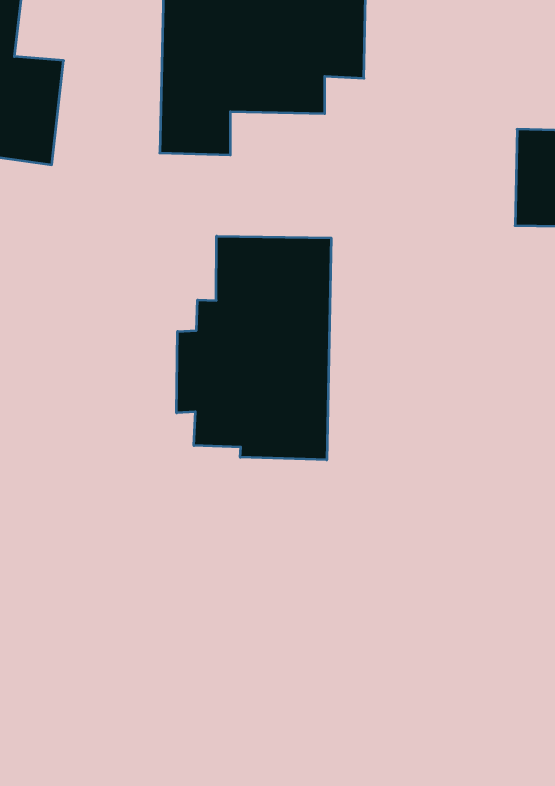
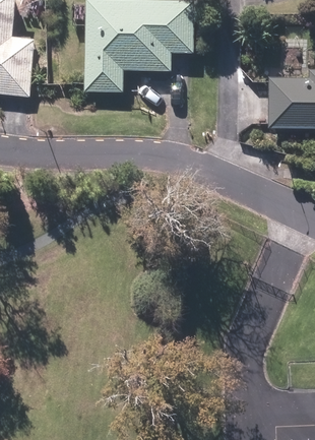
building: [177,236,331,460] -> none

